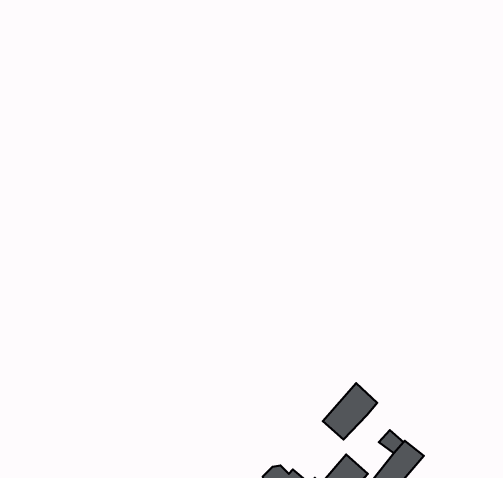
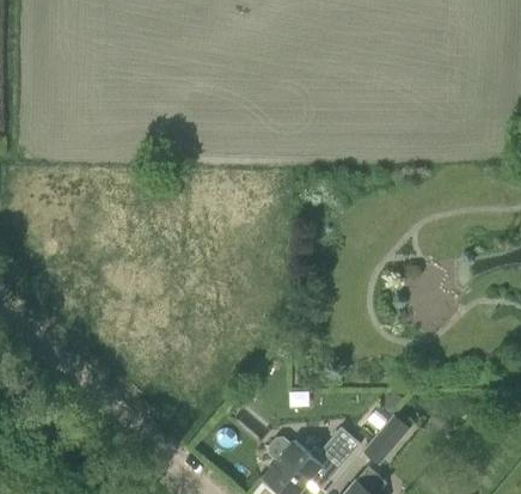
building: [323,383,377,440] -> none

